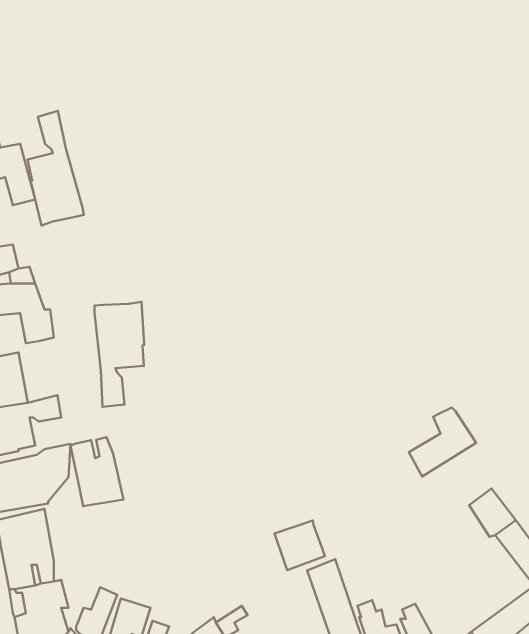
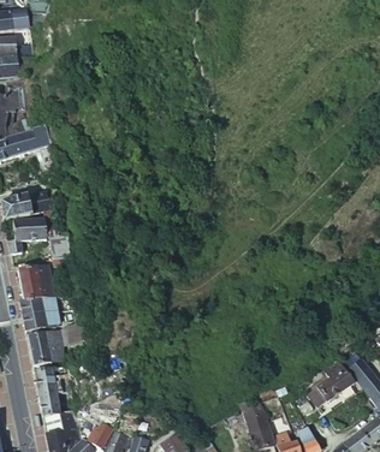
building: [27,111,84,225] -> none
building: [94,302,144,407] -> none
building: [409,408,476,476] -> [309,358,352,403]
building: [70,437,123,506] -> none
building: [275,521,325,570] -> none

